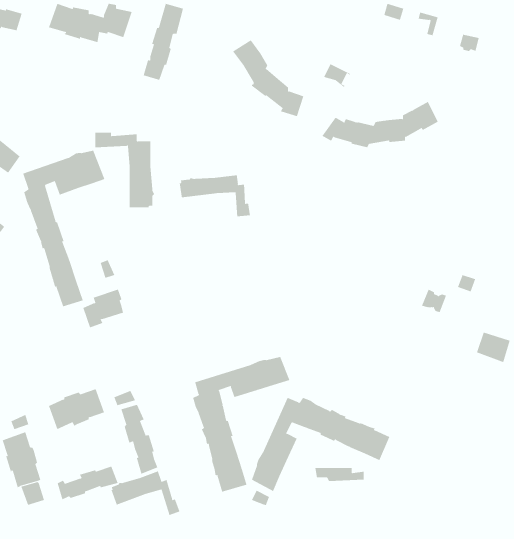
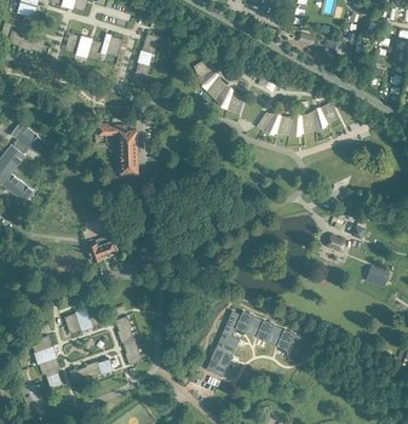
building: [23,150,105,307] -> none
building: [179,174,250,217] -> none
building: [193,356,290,492] -> none
building: [111,470,180,516] -> none

